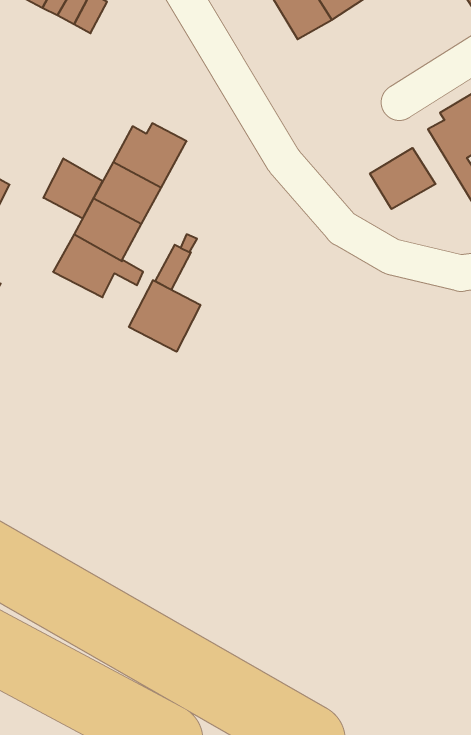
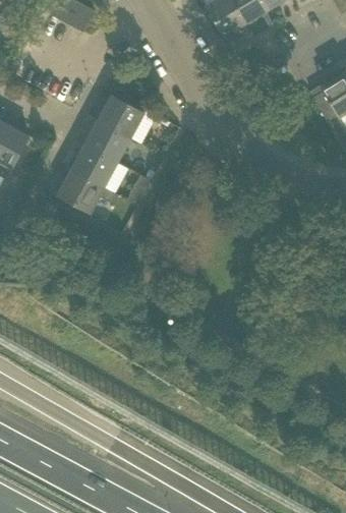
building: [370,148,436,209] -> none
building: [43,158,102,219] -> none
building: [129,280,200,352] -> none

